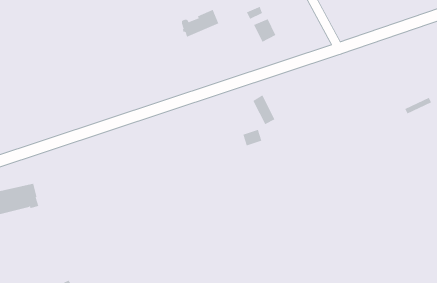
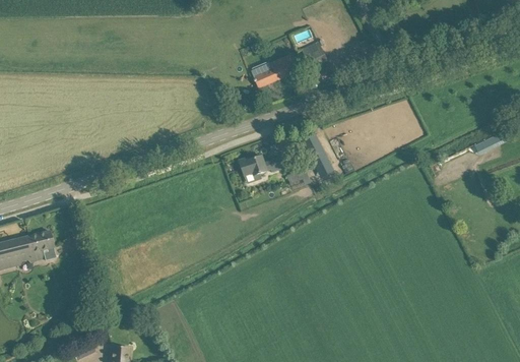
building: [181,9,219,38] -> [252,55,296,87]
building: none -> [239,156,283,176]

